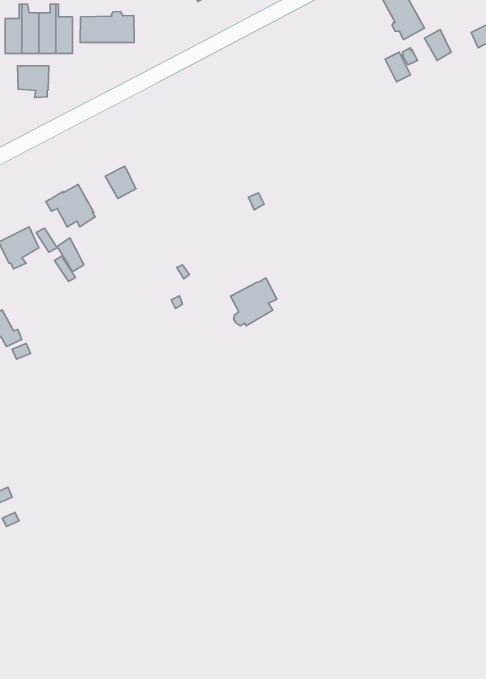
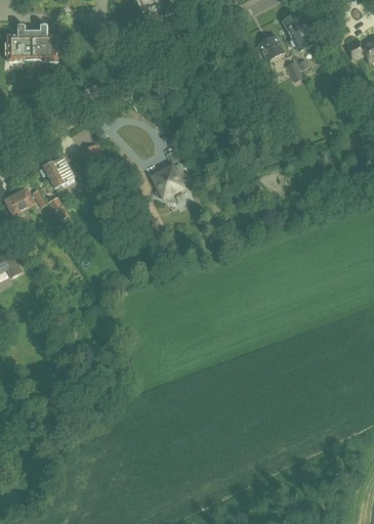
building: [80,12,134,43] -> none
building: none -> [255,35,284,60]
building: [18,66,49,98] -> none
building: [231,278,277,326] -> [153,163,186,198]

